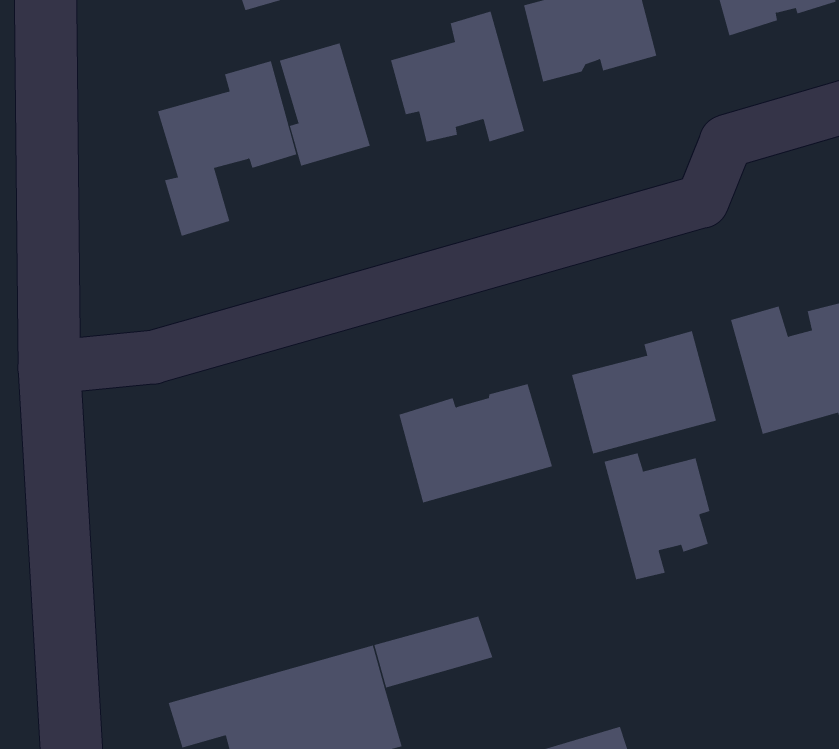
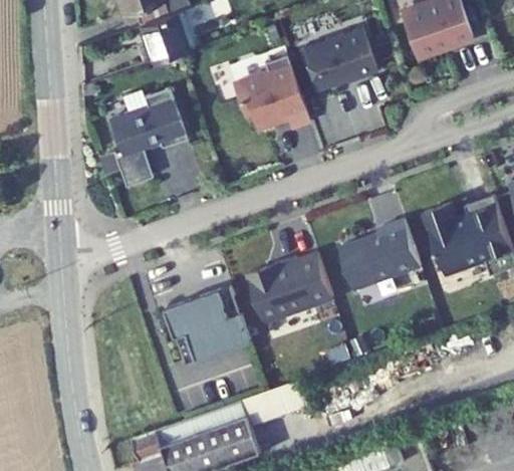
building: [279,42,370,167] -> none
building: none -> [168,291,250,365]
building: [604,453,710,580] -> none

